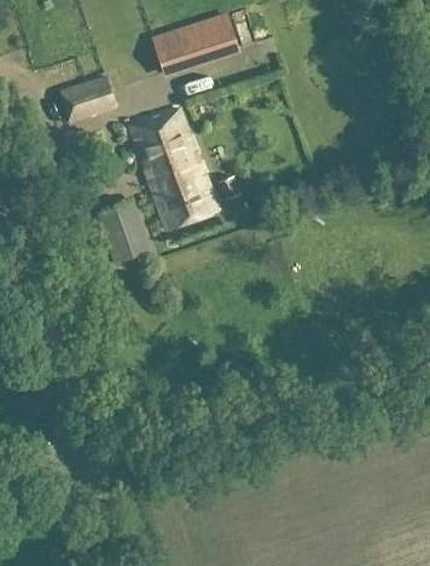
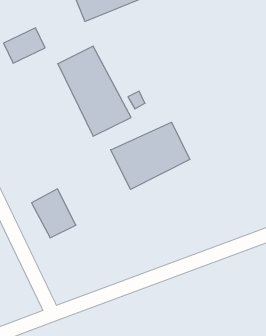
building: [95,200,151,264] -> [32,189,76,238]
building: none -> [111,122,190,189]

